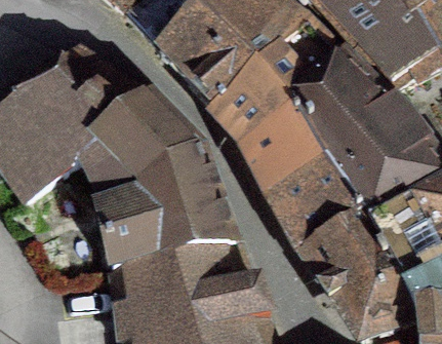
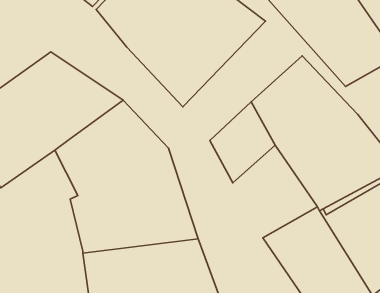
building: [220,24,348,151] -> none
building: [274,156,364,255] -> none

